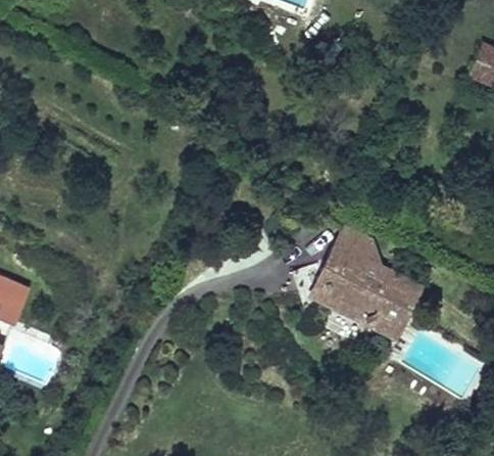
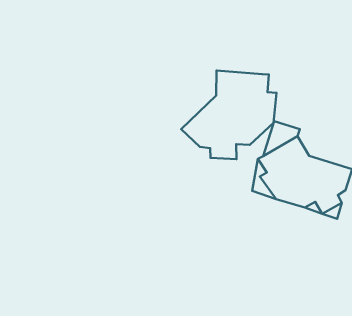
building: none -> [181,71,277,159]

